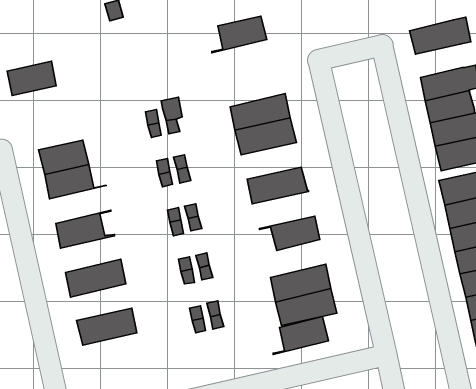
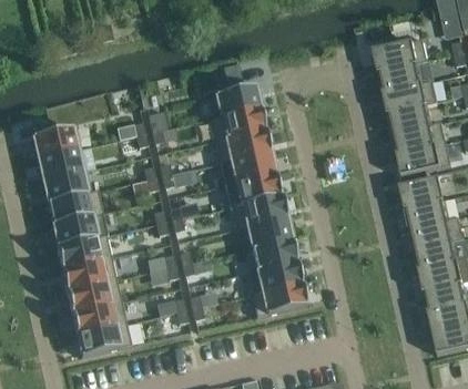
building: [212,16,267,53] -> [211,85,261,119]
building: none -> [378,60,428,92]
building: [7,61,56,96] -> [33,126,78,157]
building: none -> [221,151,275,184]
building: none -> [48,190,103,224]
building: none -> [231,195,287,228]
building: none -> [57,235,112,268]
building: none -> [67,278,122,311]
building: [273,316,329,354] -> [247,238,297,273]
building: none -> [78,323,132,356]

